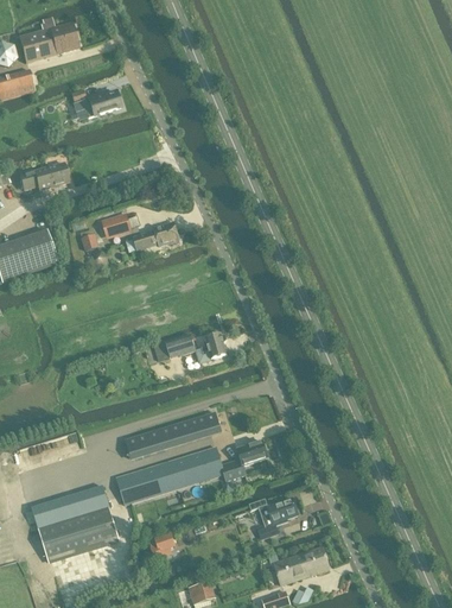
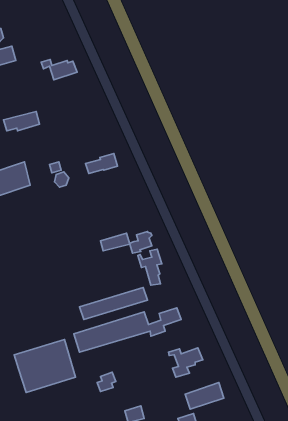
building: [18,17,78,63] -> none
building: [101,211,133,239] -> none
building: none -> [138,249,162,285]

